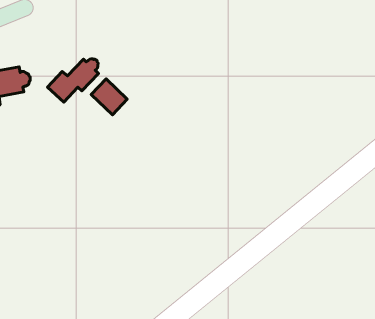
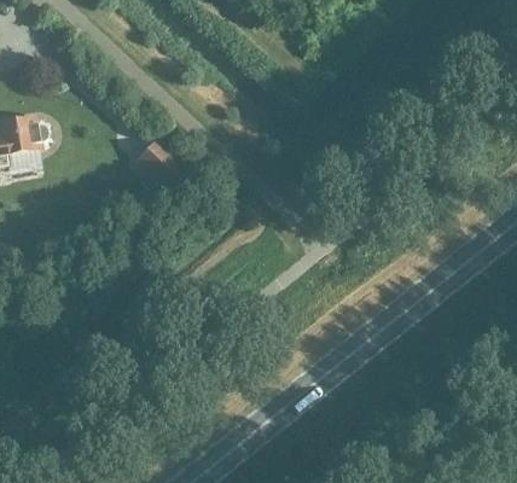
building: [48,59,98,102] -> none

